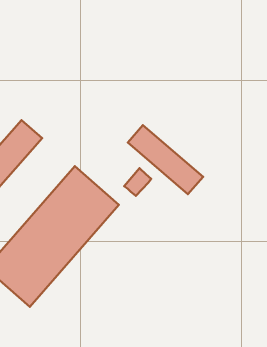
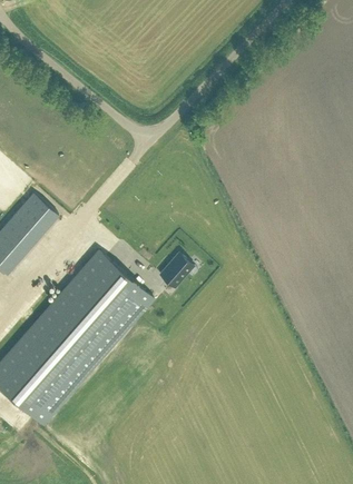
building: [128,125,203,194] -> none

